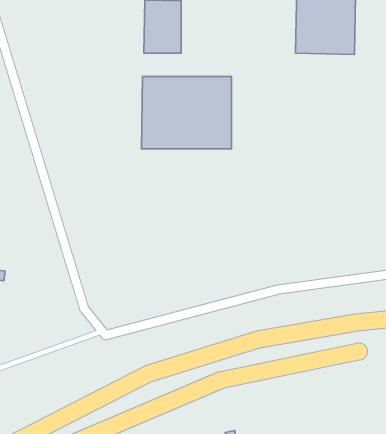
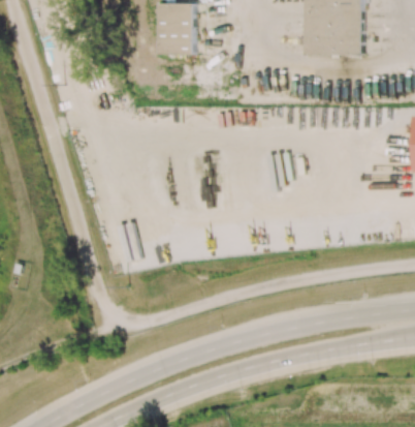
building: [142,76,232,149] -> none

